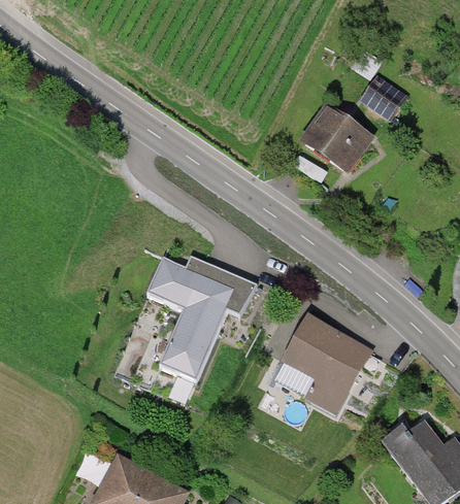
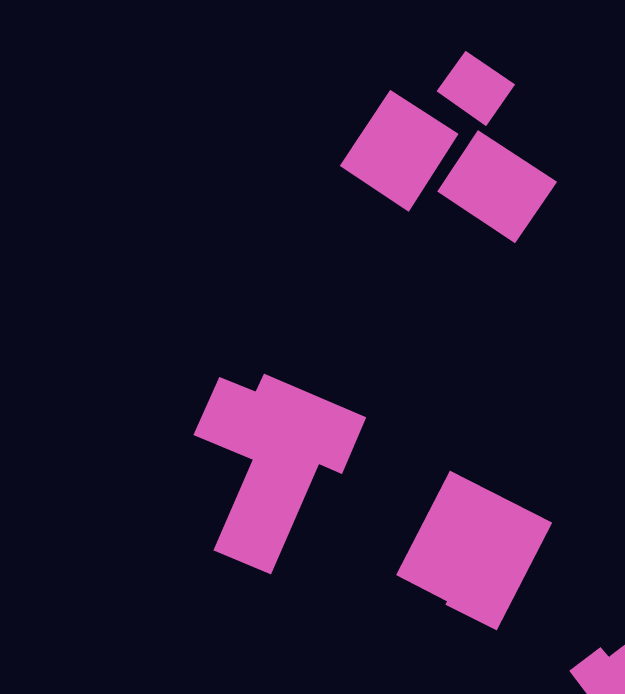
building: [358,73,408,122] -> [435,50,516,127]
building: none -> [339,89,460,213]

